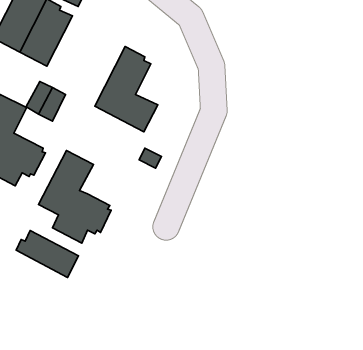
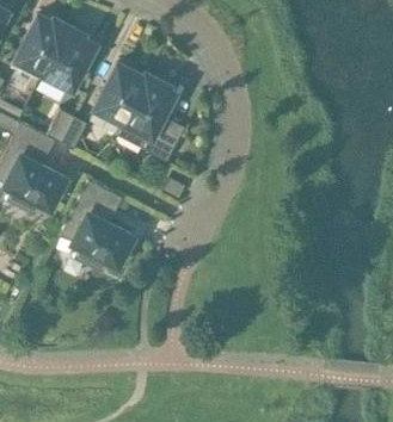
building: none -> [96,62,148,134]
building: [16,231,79,278] -> none

